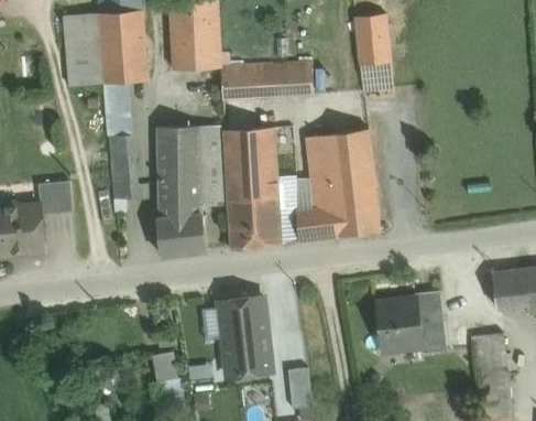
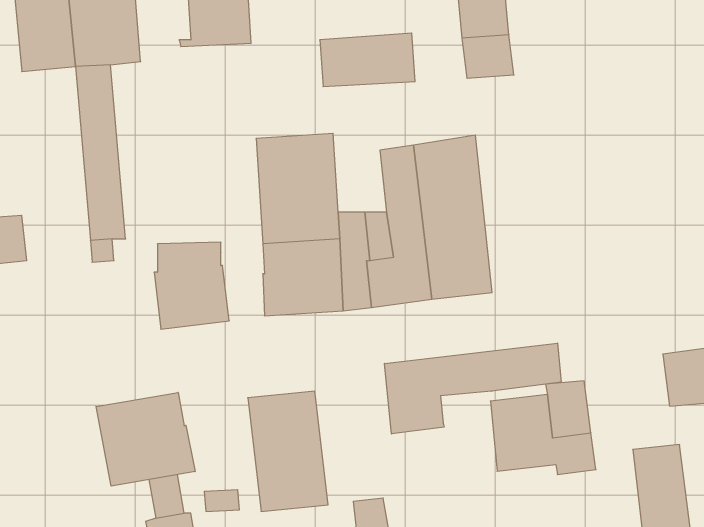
building: [220,65,267,99] -> none
building: [157,127,218,205] -> none
building: none -> [385,343,561,434]
building: none -> [96,392,195,486]

